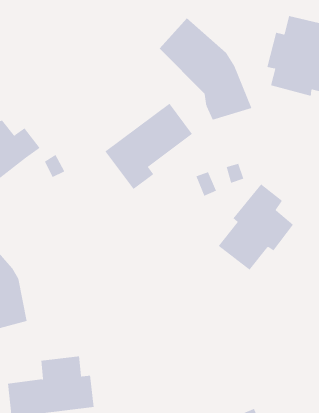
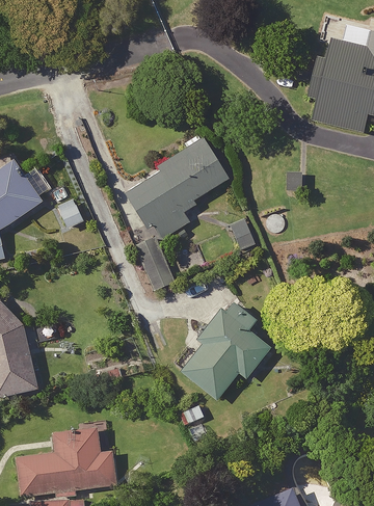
building: [159,18,252,120] -> none
building: [218,183,294,271] -> [180,299,266,398]
building: none -> [135,237,173,291]

